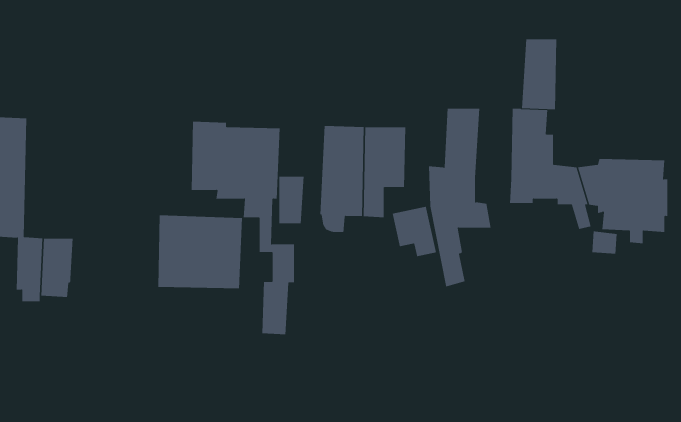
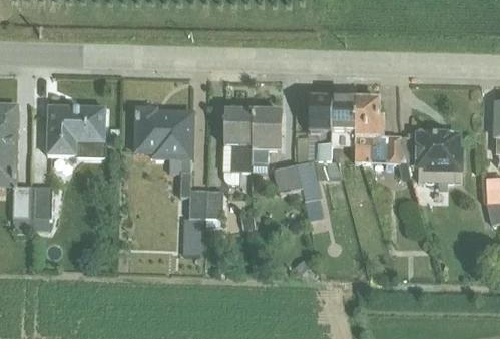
building: [521,39,557,110] -> [331,95,356,144]
building: [279,176,305,224] -> [205,190,223,223]
building: [158,215,243,289] -> [47,104,106,155]

